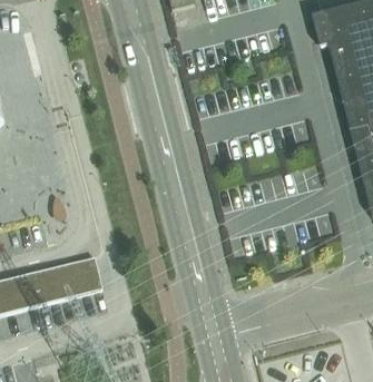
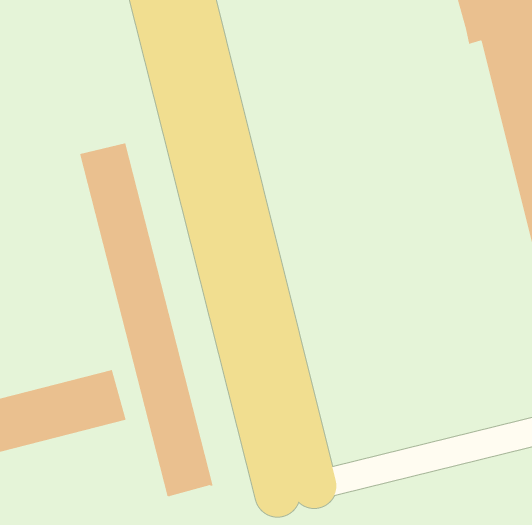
building: none -> [79,143,213,497]

